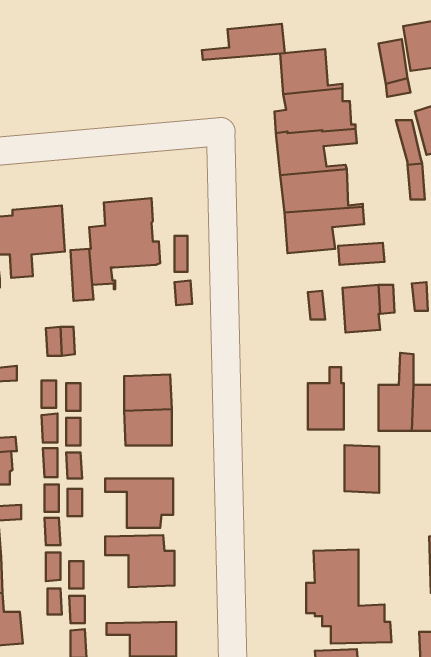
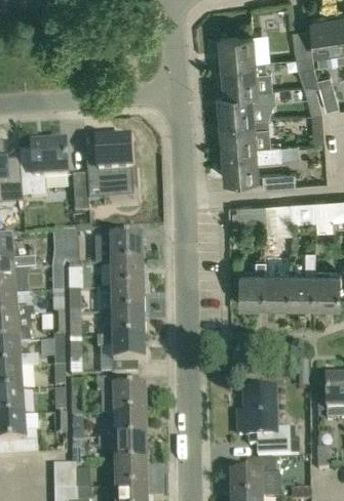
building: [202,24,285,60] -> none
building: none -> [110,240,144,267]
building: [344,445,379,493] -> [267,273,292,306]
building: none -> [112,317,146,340]
building: none -> [99,416,148,443]

